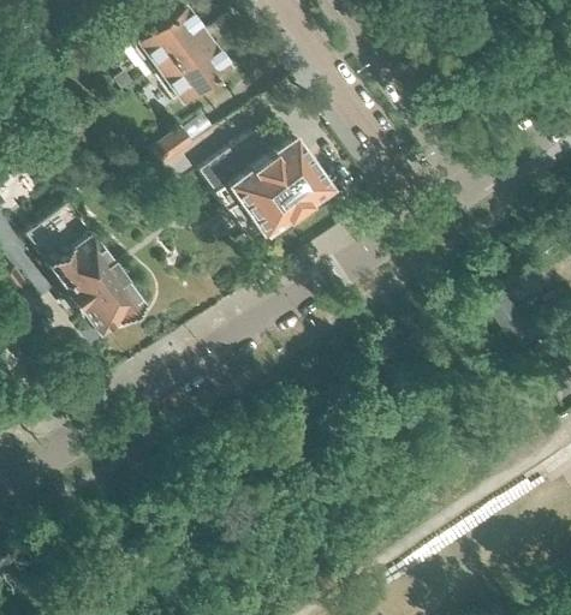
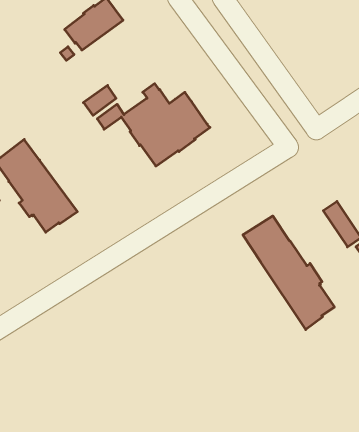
building: [153,37,233,106] -> none
building: none -> [243,216,334,330]

